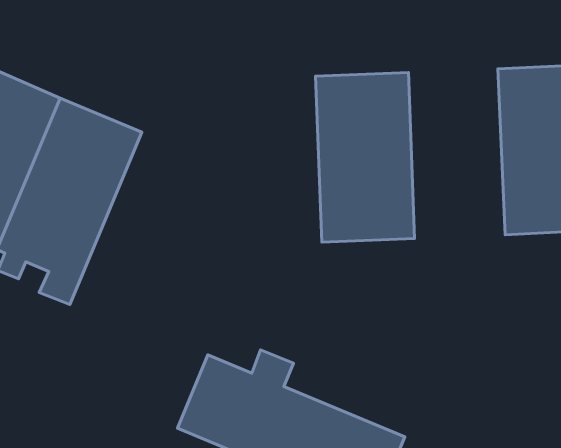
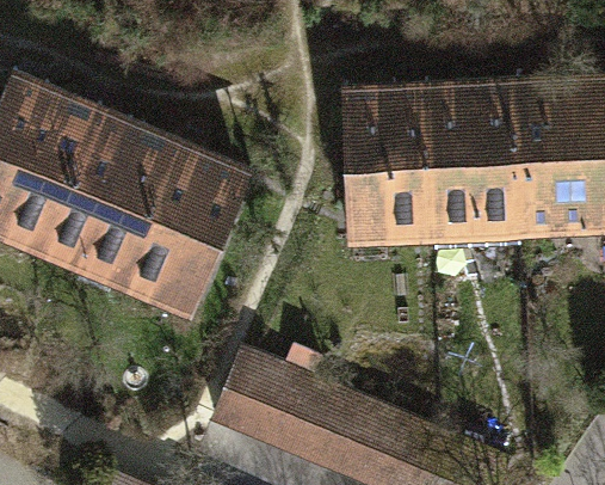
building: none -> [434,76,529,259]
building: none -> [112,122,255,320]

